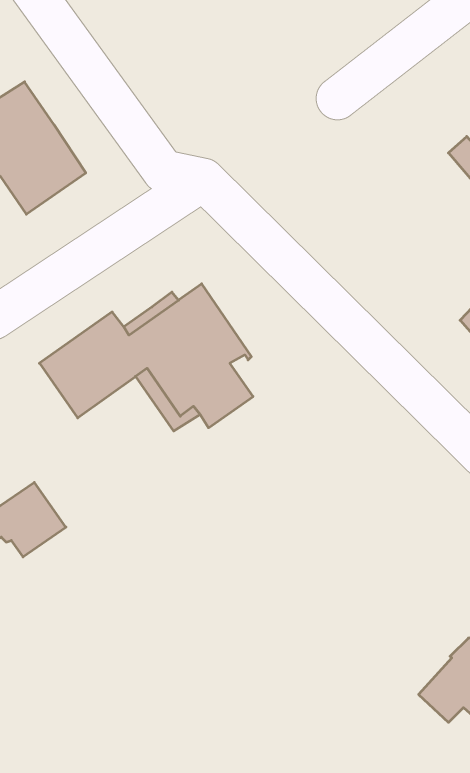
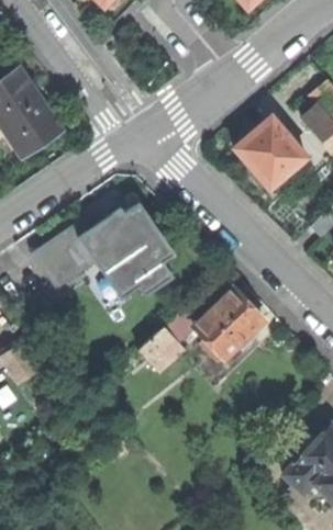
building: none -> [235,116,304,187]
building: none -> [137,287,262,372]

